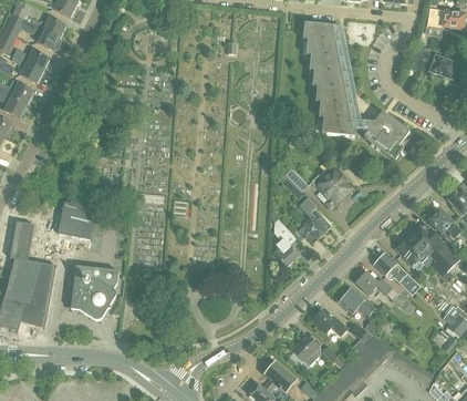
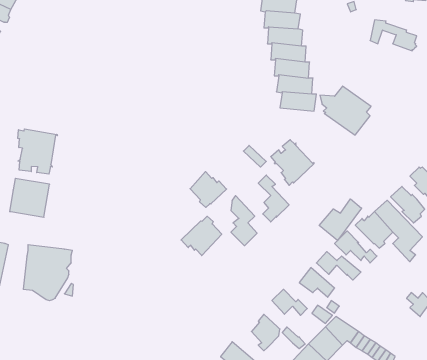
building: none -> [18,129,57,174]
building: none -> [190,172,227,207]
building: none -> [319,199,362,241]
building: none -> [181,216,222,256]

